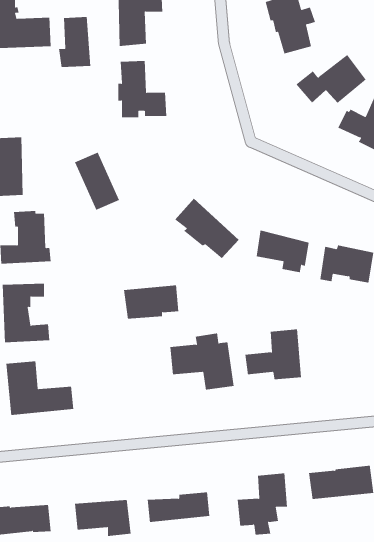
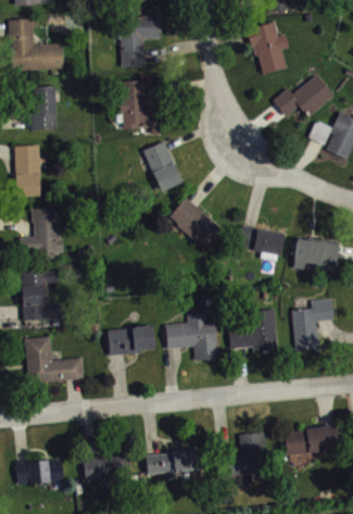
building: [58,17,91,68] -> [29,86,58,129]
building: [74,152,120,210] -> [143,141,182,191]
building: [123,285,179,319] -> [108,325,155,354]
building: none -> [292,298,335,350]

